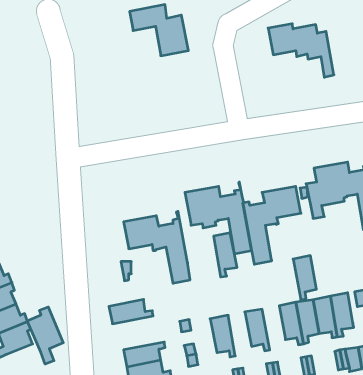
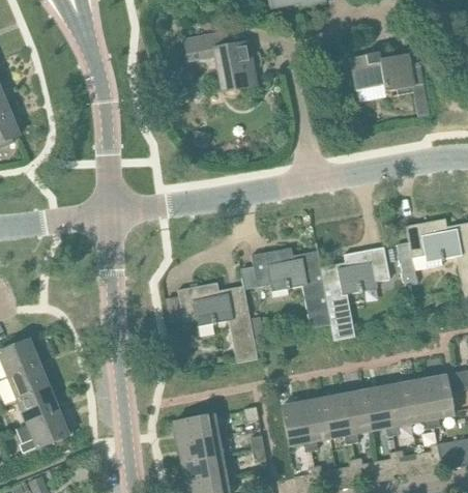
building: [214,233,237,277] -> [302,397,330,450]
building: [293,256,316,300] -> [343,389,371,442]
building: [109,299,153,324] -> [173,413,226,442]
building: [27,307,63,364] -> none

